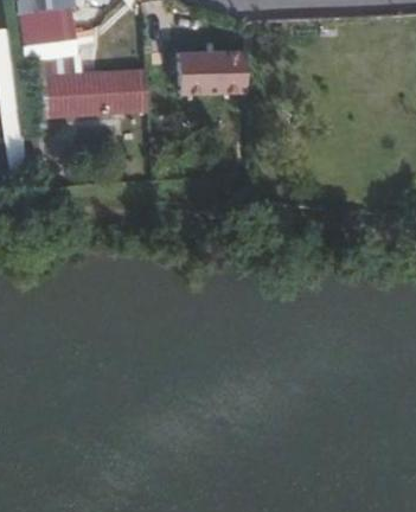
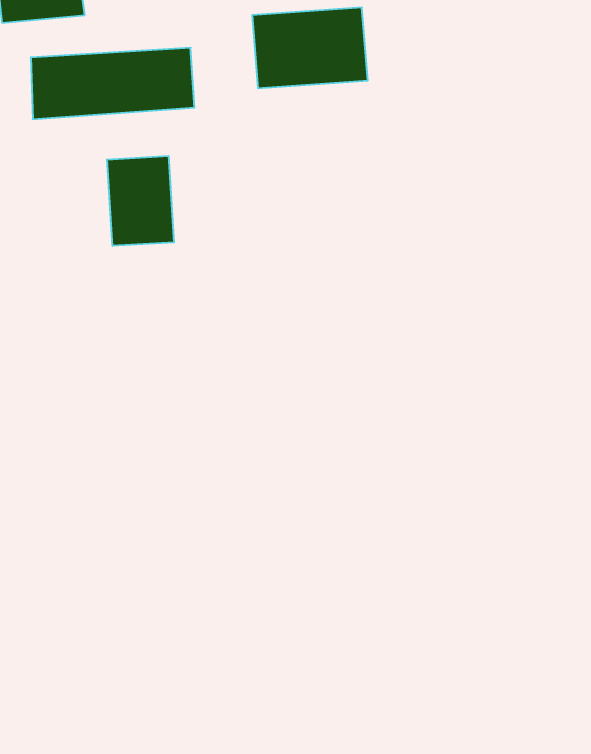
building: none -> [107,156,174,246]

